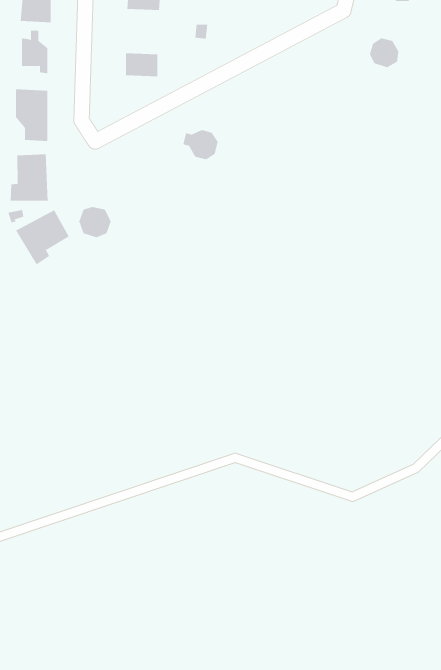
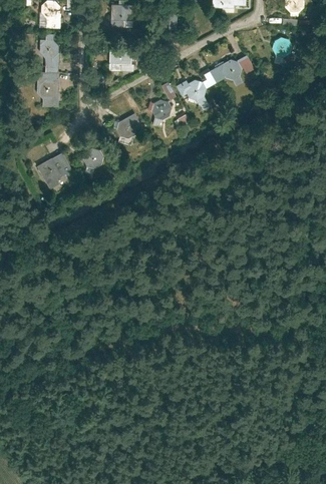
building: none -> [210,60,244,87]
building: none -> [177,79,207,100]
building: none -> [117,113,145,139]
building: [10,153,48,201] -> none

